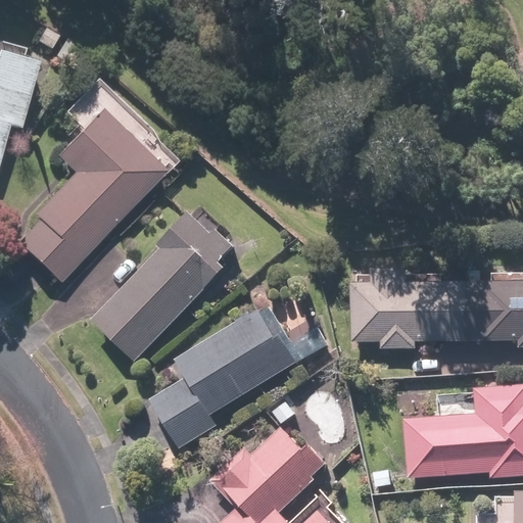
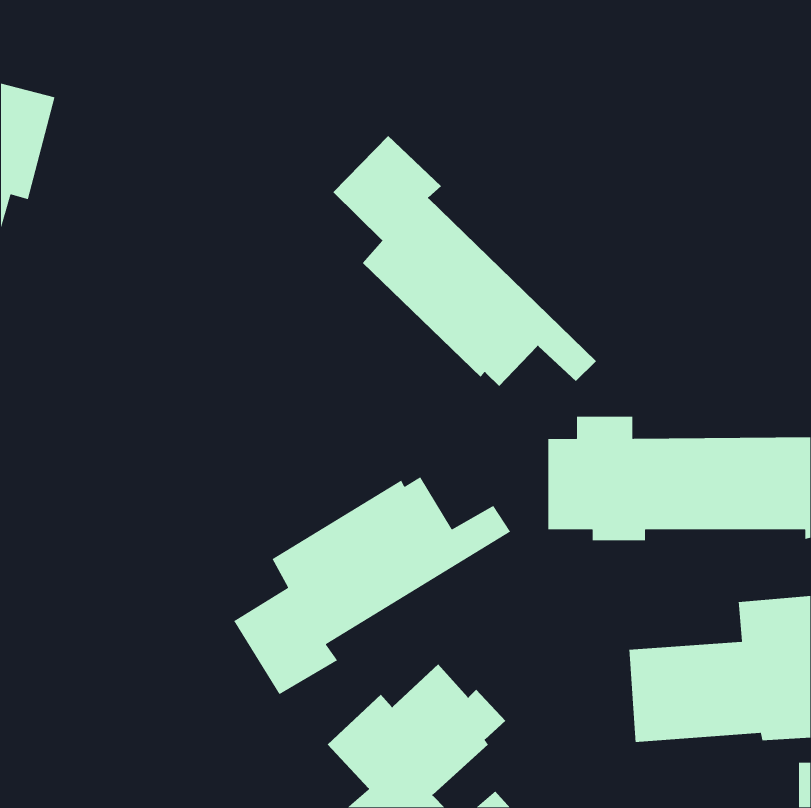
building: none -> [332,135,597,387]
building: [16,109,164,283] -> none
building: [91,212,233,362] -> none

